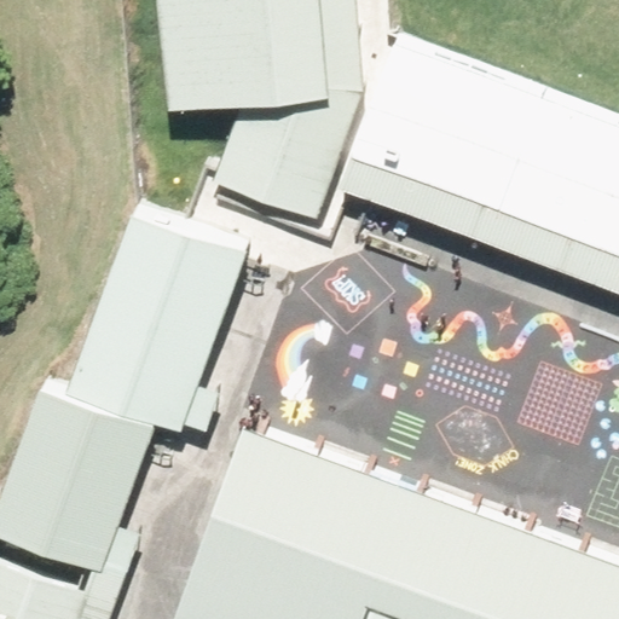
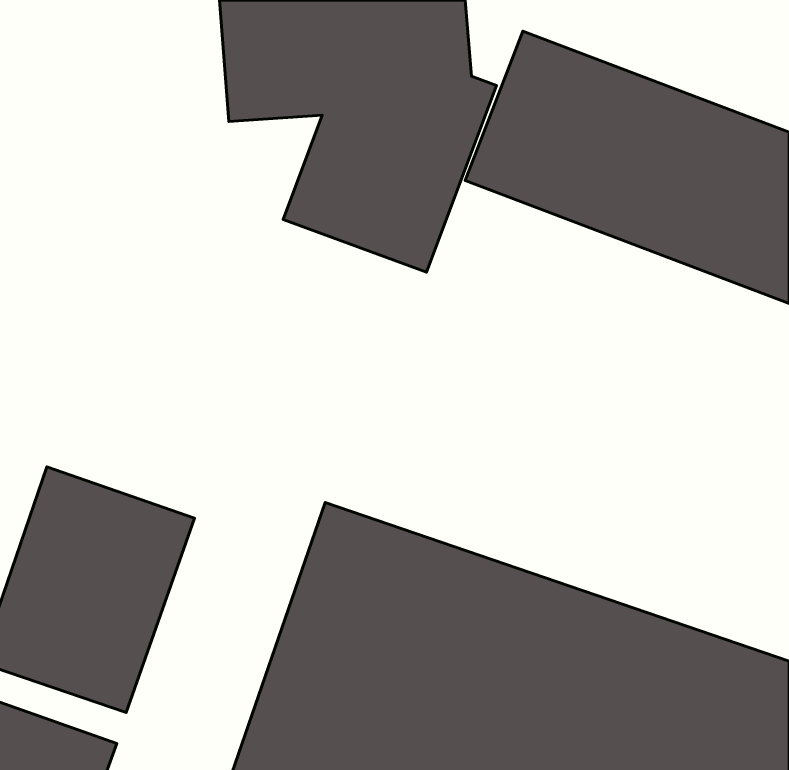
building: [68,213,245,430] -> none

